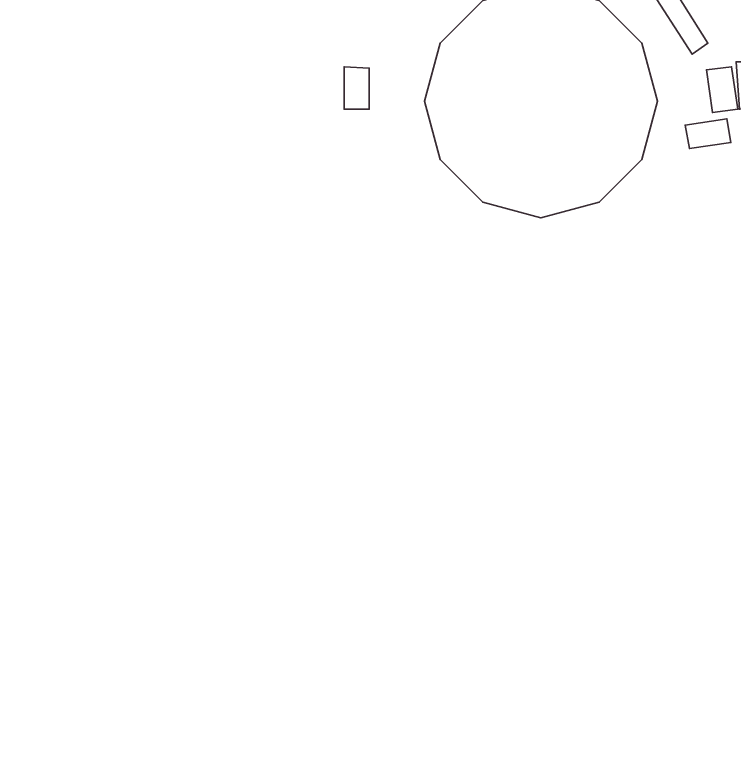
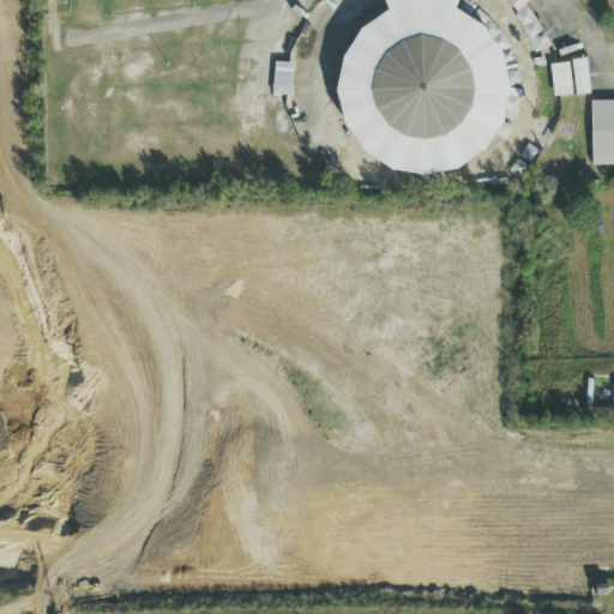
building: [685,119,731,149] -> none

